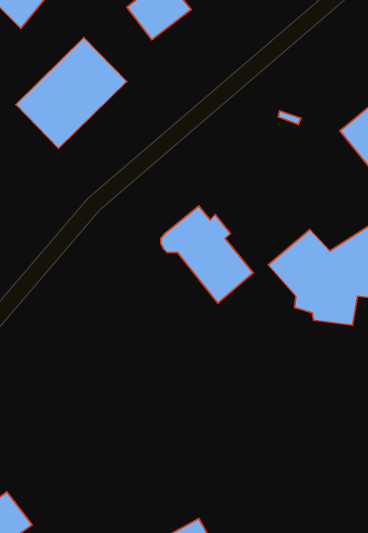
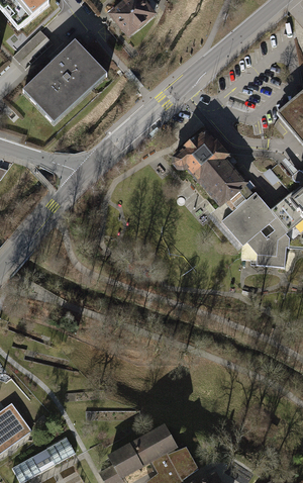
building: [161,206,253,303] -> [172,130,245,208]

